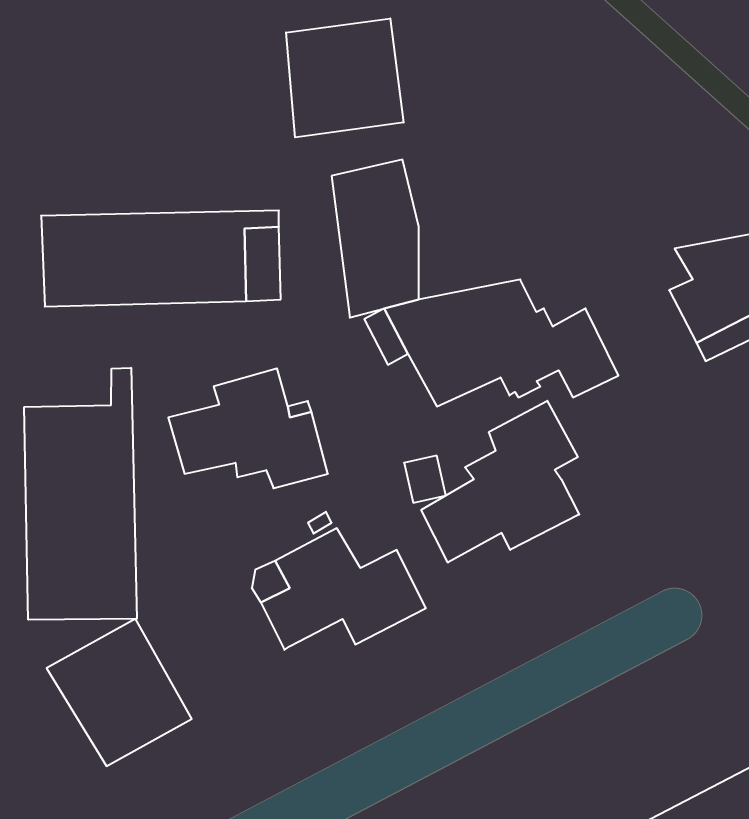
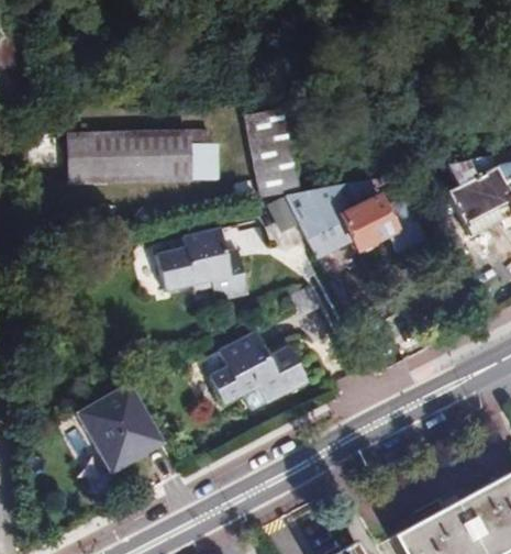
building: [286,18,404,137] -> none
building: [24,368,137,620] -> none
building: [421,401,579,563] -> none

